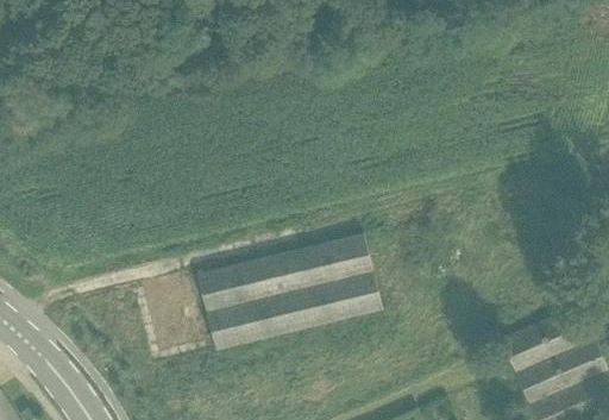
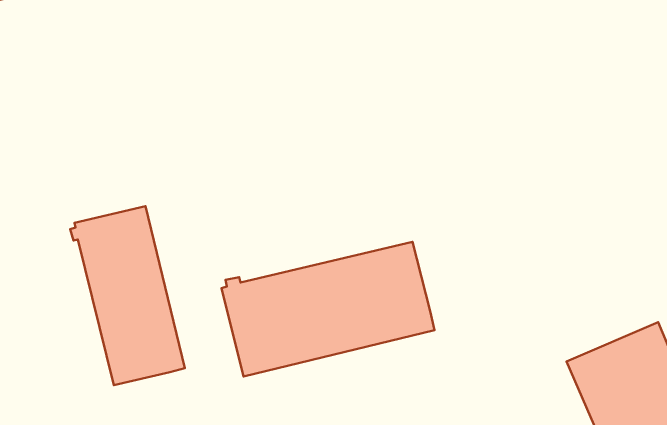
building: none -> [70,206,185,385]

